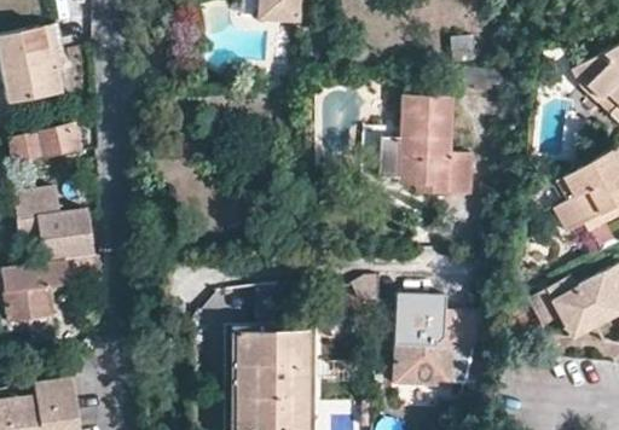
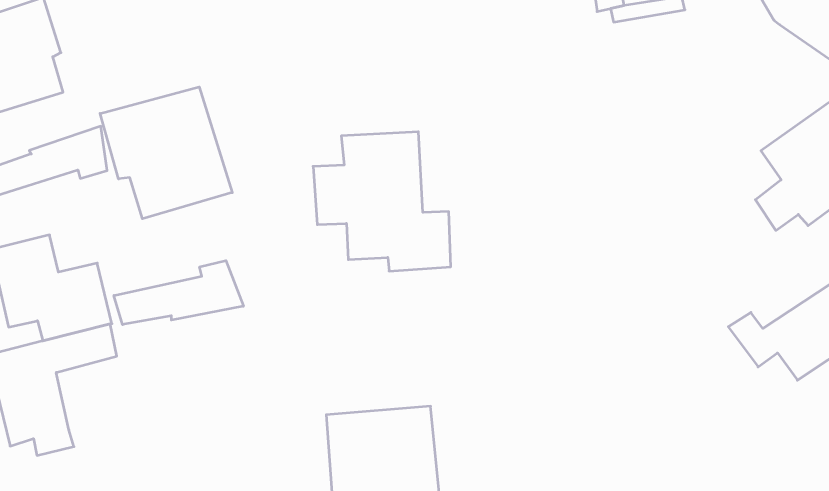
building: [380,94,473,193] -> [313,132,451,271]
building: none -> [100,87,232,219]
building: none -> [114,261,243,325]
building: [389,292,478,380] -> none

